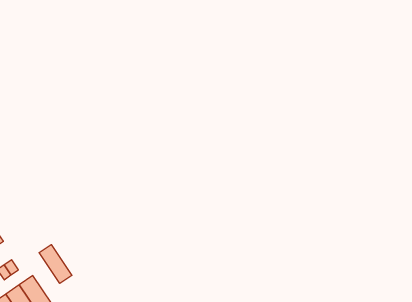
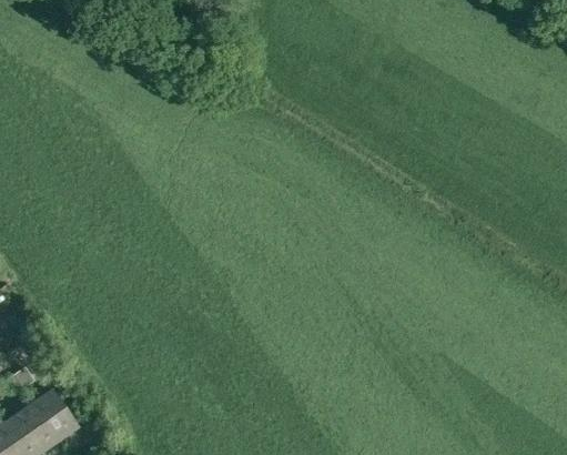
building: [39,245,72,283] -> none

